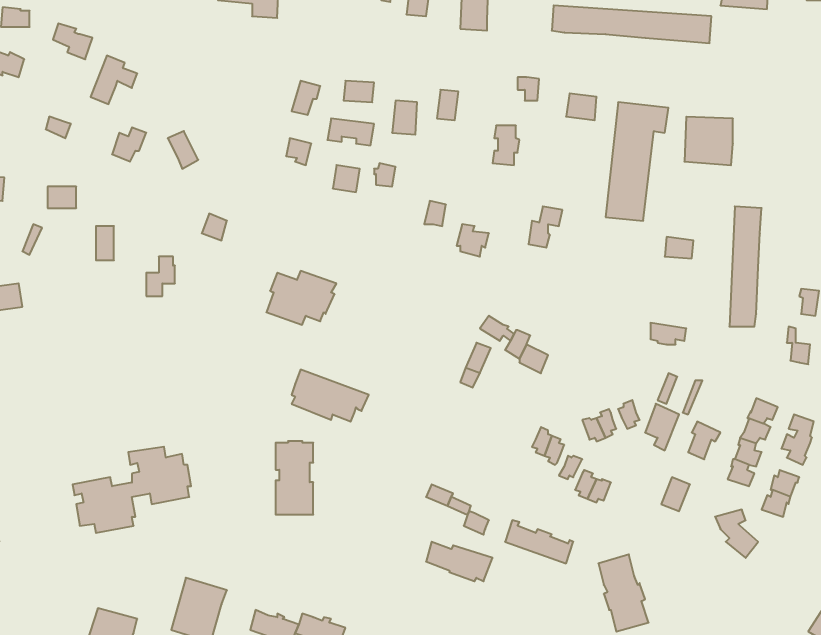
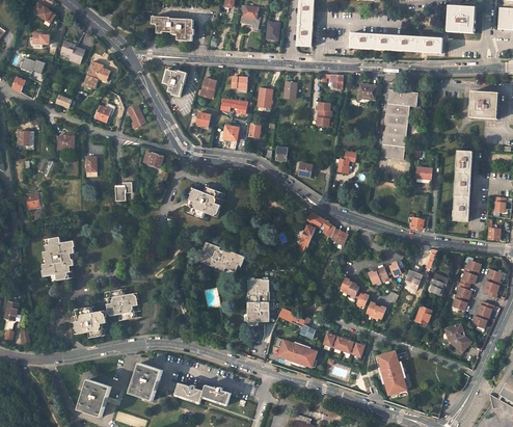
building: none -> [162,66,185,94]
building: [684,117,733,165] -> [470,90,498,118]
building: none -> [41,236,76,282]
building: [276,441,313,515] -> [246,281,268,323]

